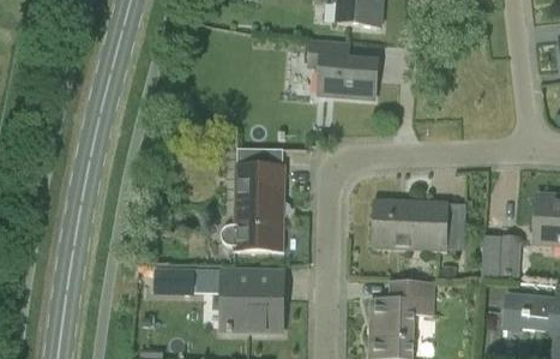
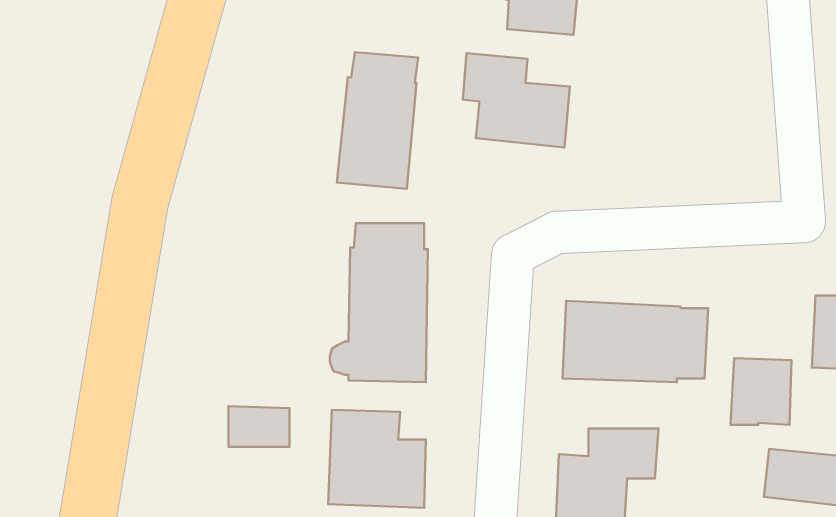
building: none -> [337,52,418,189]

